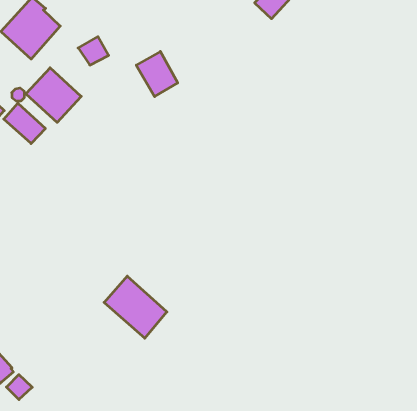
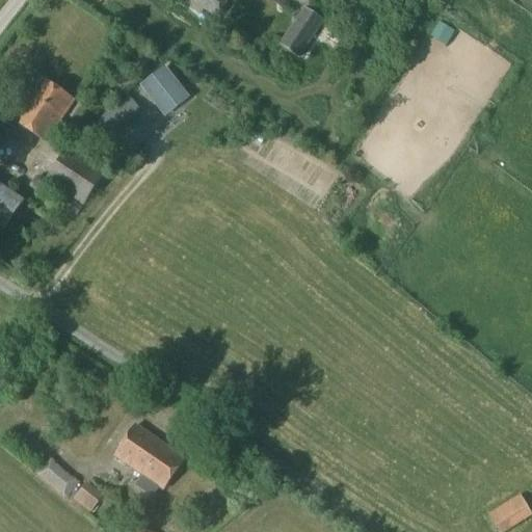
building: [136,51,178,97] -> [139,63,187,113]
building: [4,103,45,144] -> none
building: [104,276,167,338] -> [114,426,184,490]

